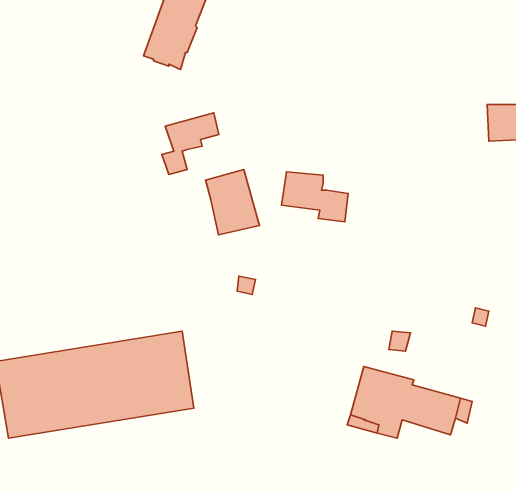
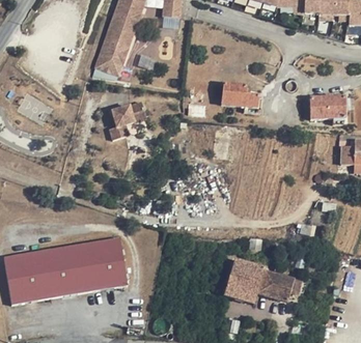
building: [205,169,259,235] -> none
building: [282,172,348,222] -> [221,83,262,114]

